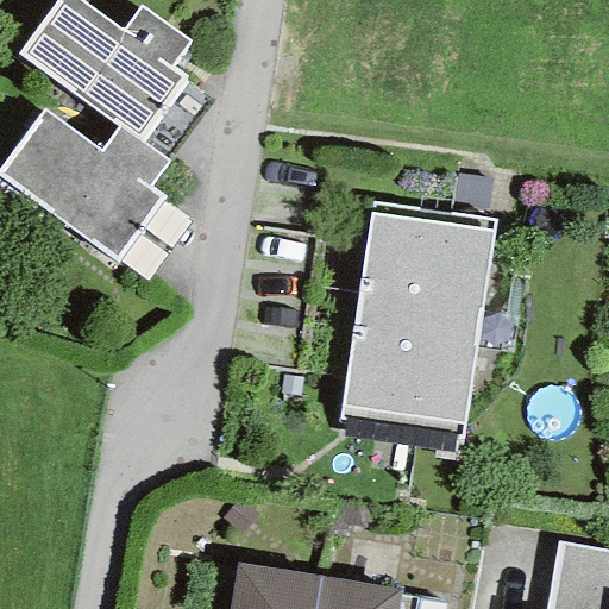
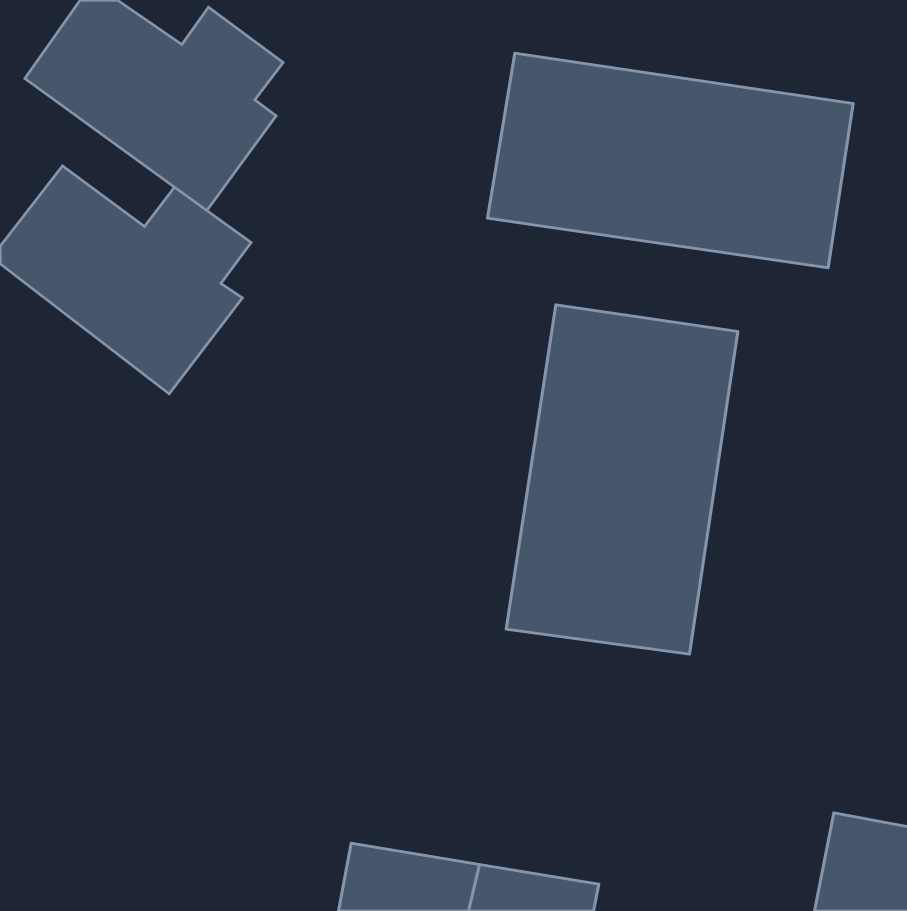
building: none -> [488,53,853,268]

